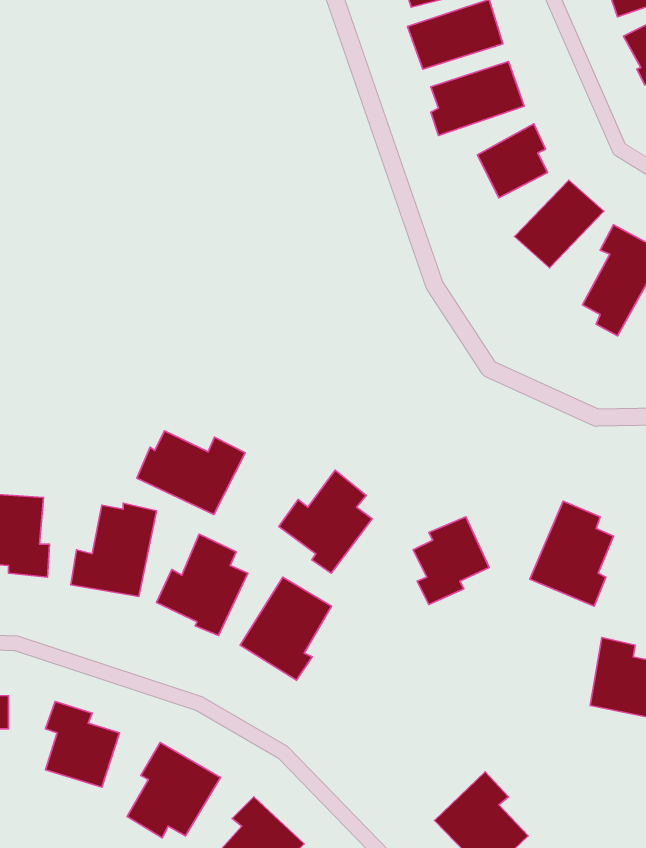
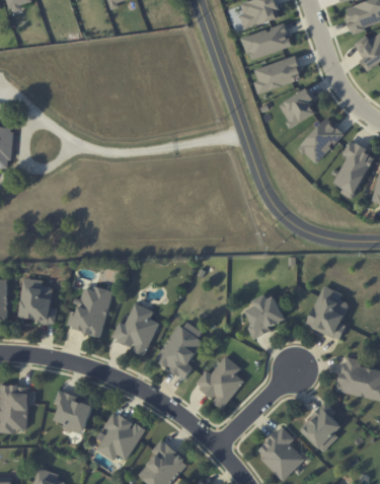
building: [137,431,245,515] -> none
building: [279,470,372,573] -> [196,355,244,409]
building: none -> [299,402,345,452]

